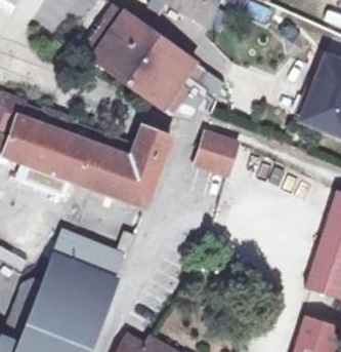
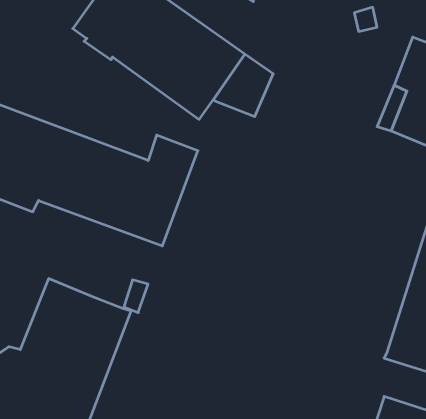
building: [195,132,238,175] -> none

